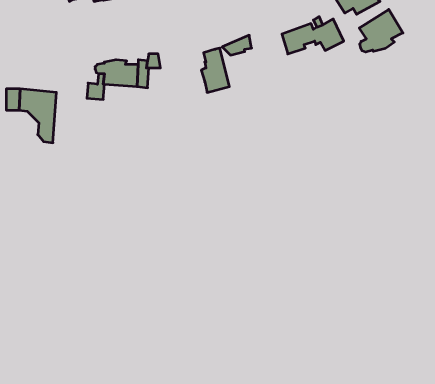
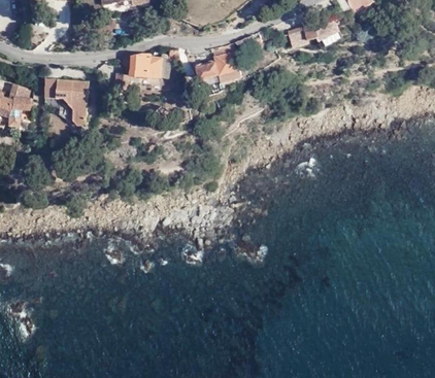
building: [359,9,403,52] -> none
building: none -> [196,48,221,80]

